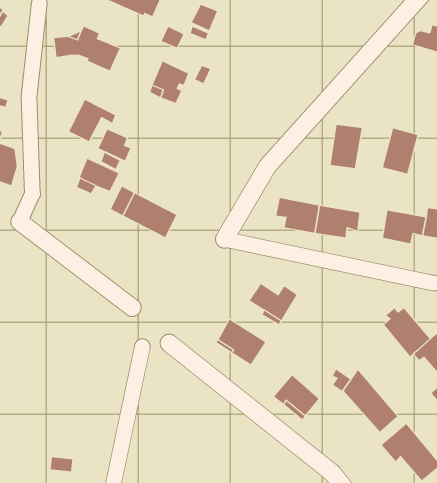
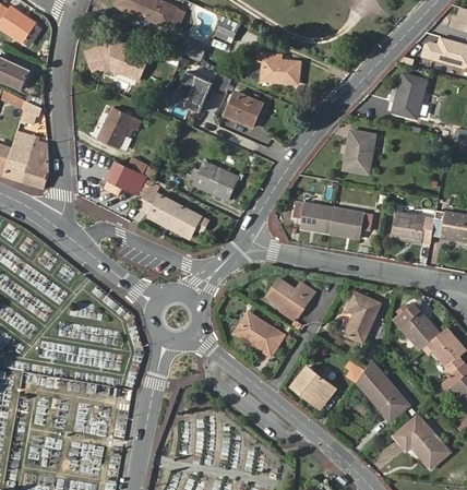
building: none -> [263,59,300,83]
building: none -> [226,92,260,128]
building: [382,128,418,174] -> [393,74,427,118]
building: [98,129,131,161] -> none
building: none -> [194,163,238,199]
building: none -> [339,295,380,345]

